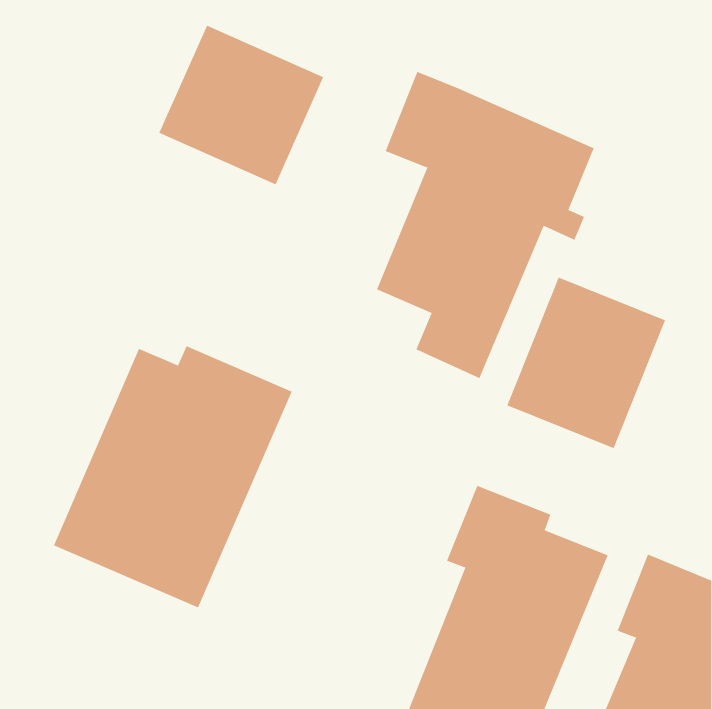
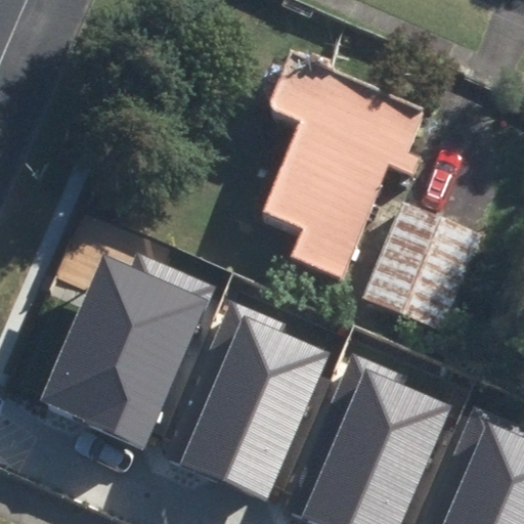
building: [159,25,324,185] -> none
building: none -> [175,303,323,504]

